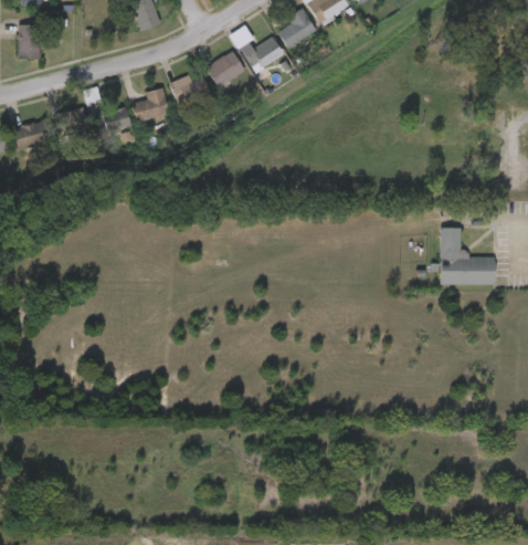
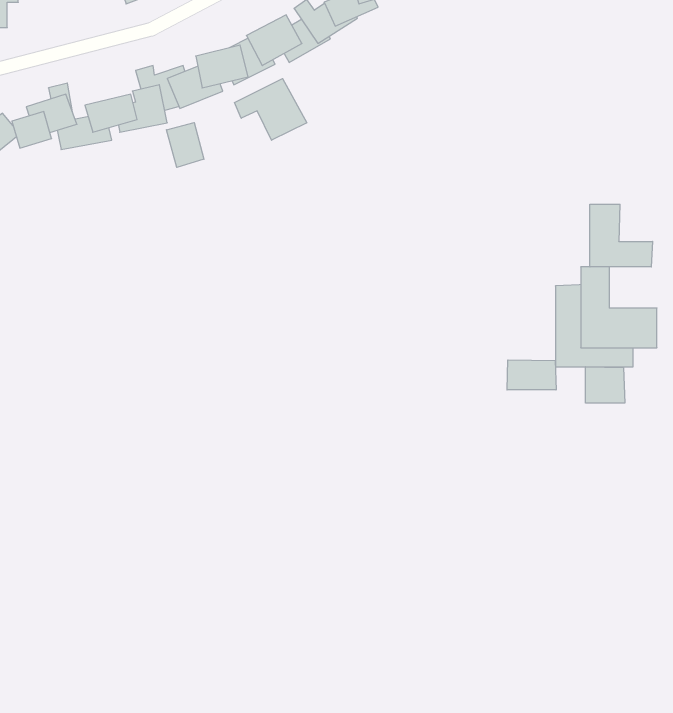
building: none -> [235,79,307,140]
building: none -> [166,123,204,167]
building: none -> [590,204,653,267]
building: none -> [507,360,556,390]
building: none -> [586,367,625,403]

